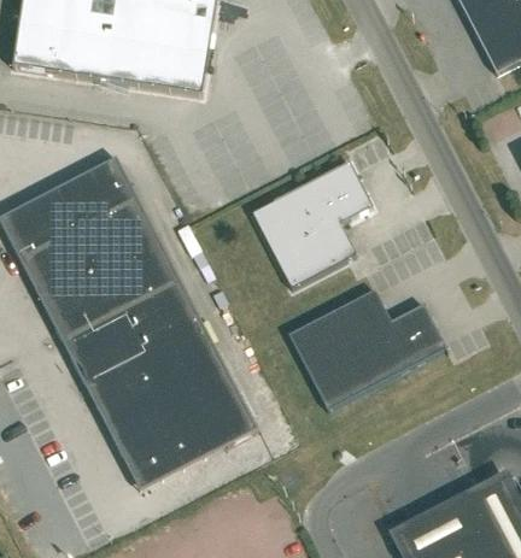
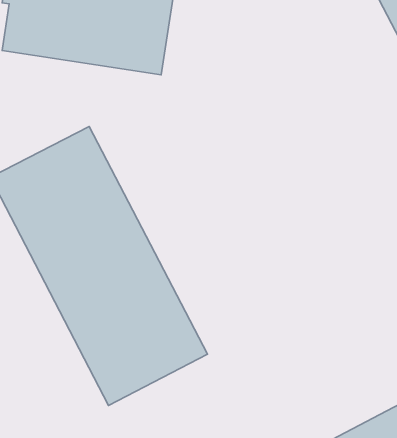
building: [252,161,371,288] -> none
building: [288,288,449,410] -> none

